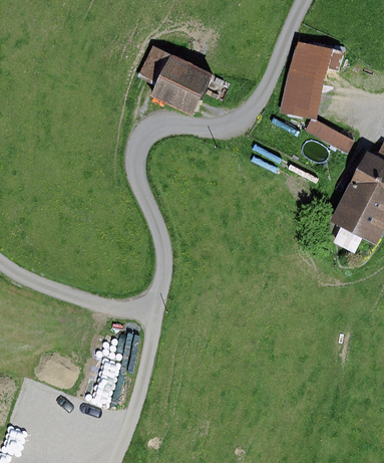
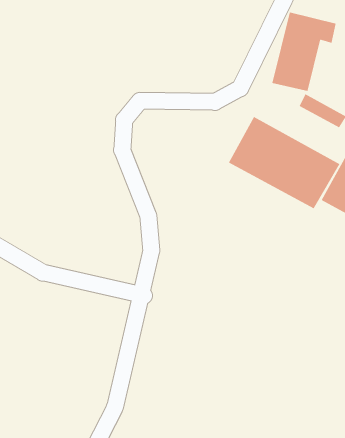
building: [142,51,212,115] -> none
building: none -> [228,116,340,209]

